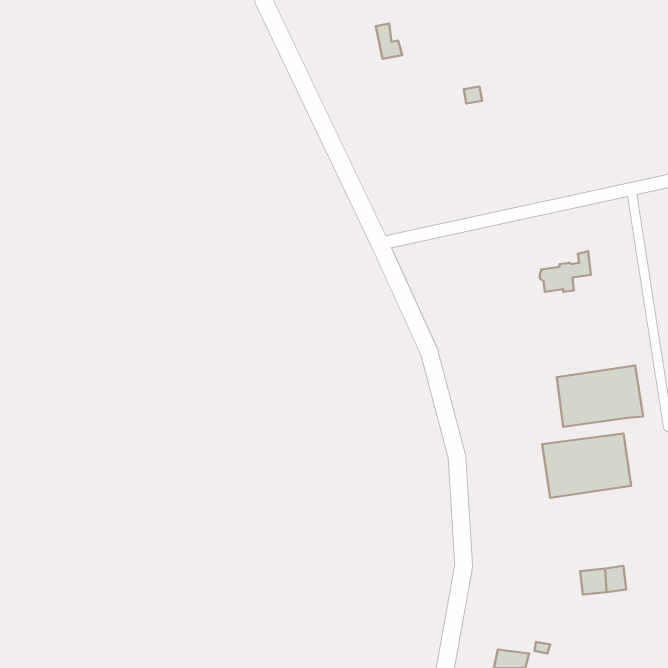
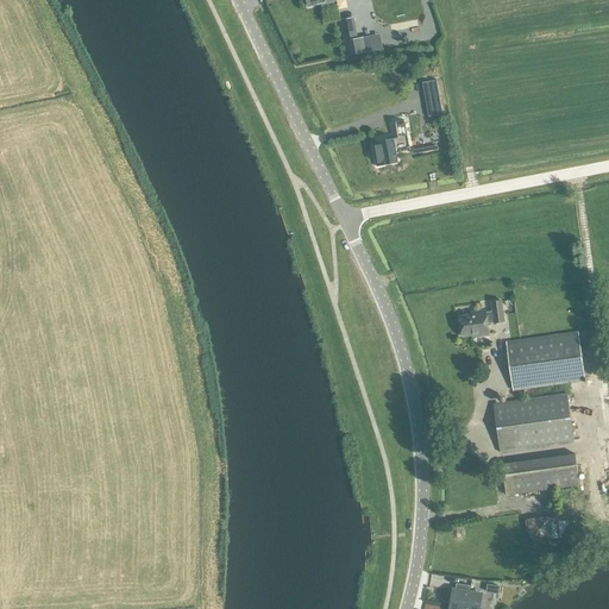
building: none -> [373,119,409,165]
building: [540,251,591,292] -> [457,299,503,335]
building: none -> [501,452,580,495]

